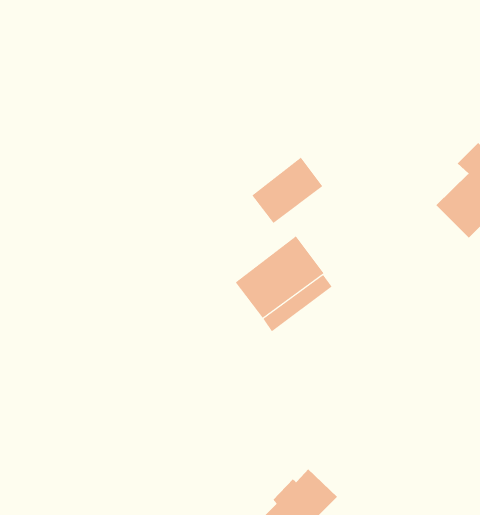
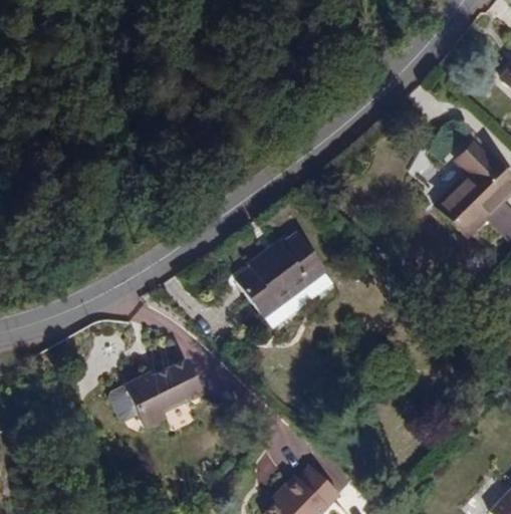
building: [251,157,323,224] -> none
building: none -> [124,358,204,428]

